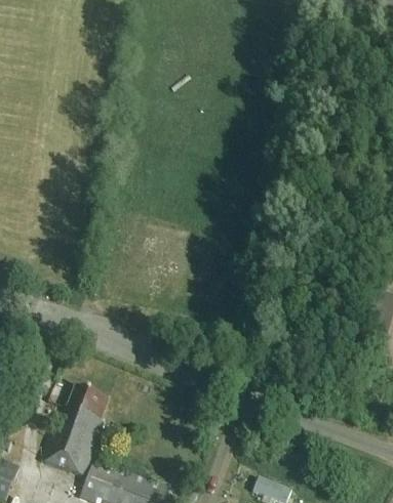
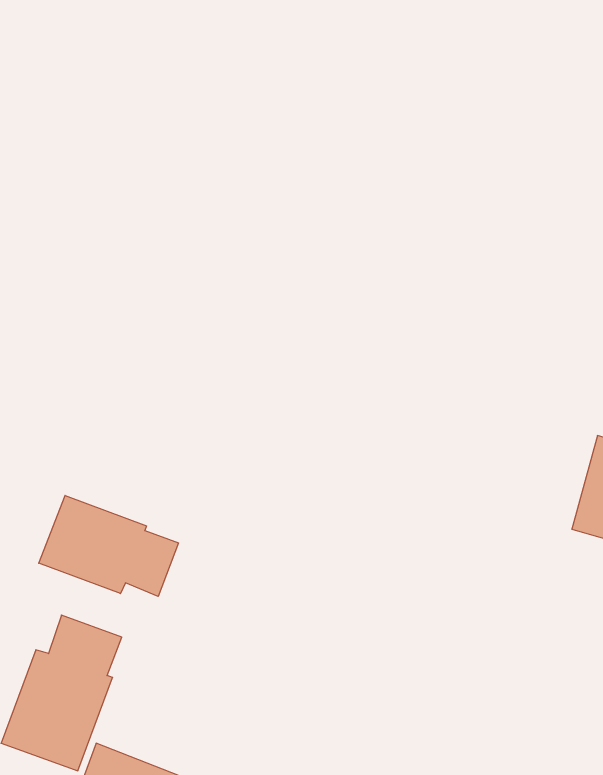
building: none -> [39,495,178,596]

